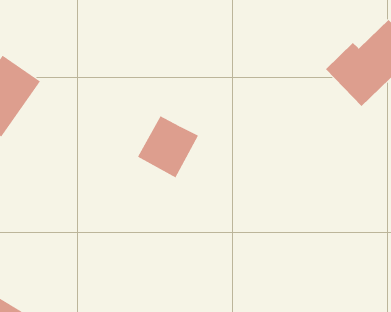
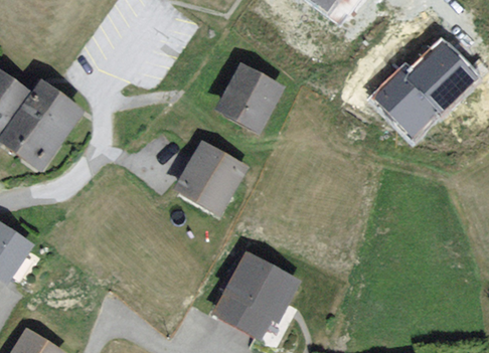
building: none -> [222,66,279,125]
building: none -> [220,255,297,333]

